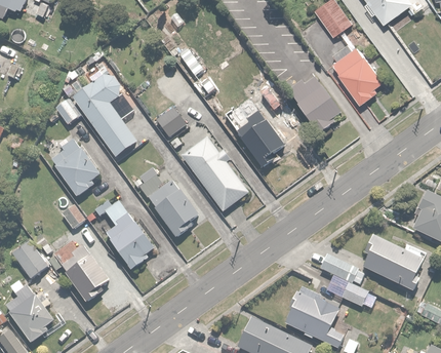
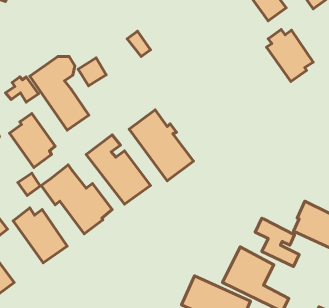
building: [287,75,345,133] -> none
building: [235,84,286,166] -> none
building: [155,107,186,138] -> [78,58,106,86]

